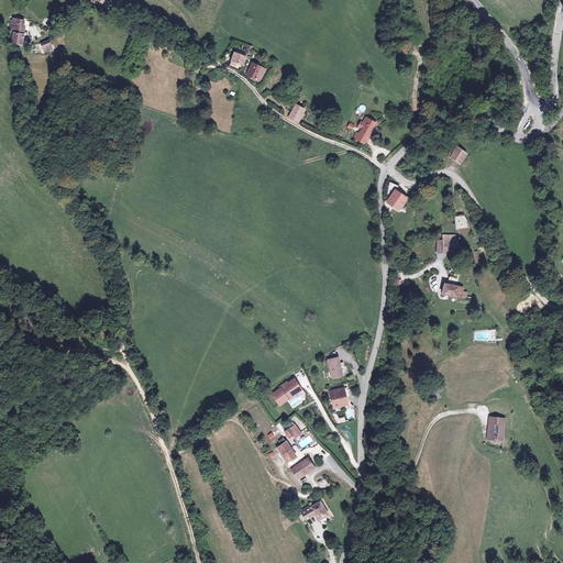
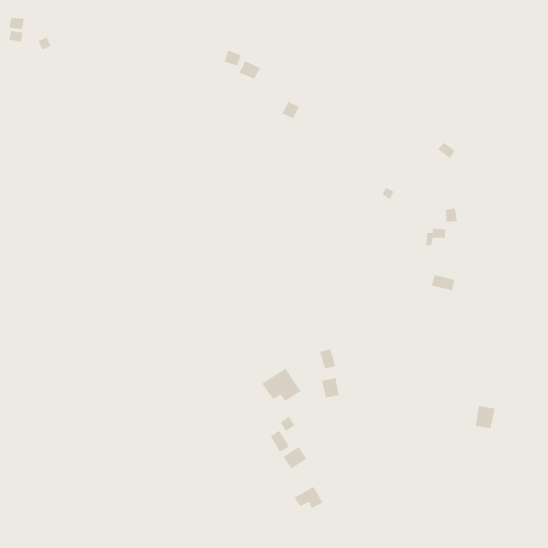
building: [352,115,378,146] -> none

